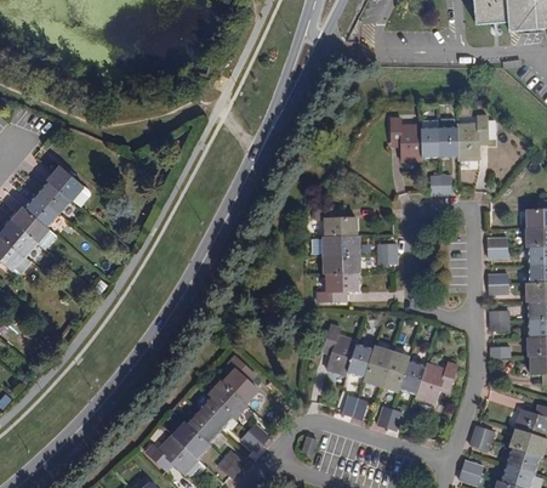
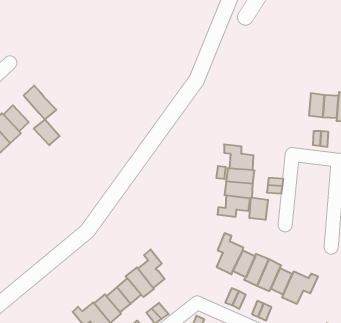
building: [388,118,421,161] -> none
building: [35,178,70,211] -> [34,120,60,145]
building: none -> [250,197,268,220]

